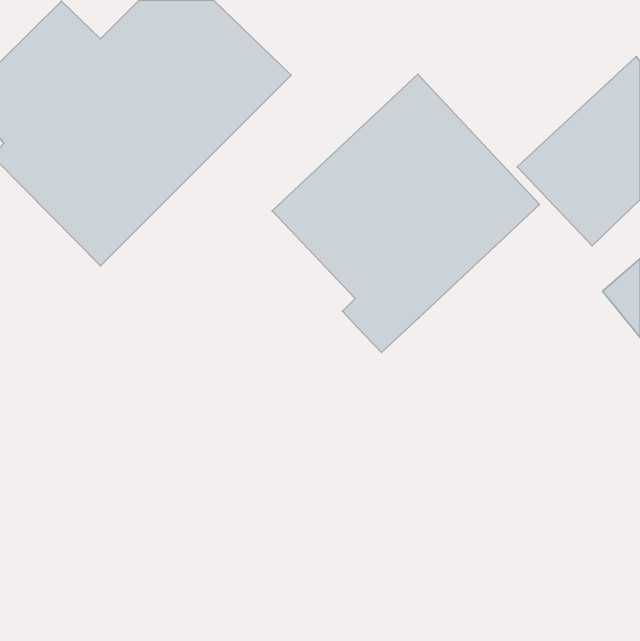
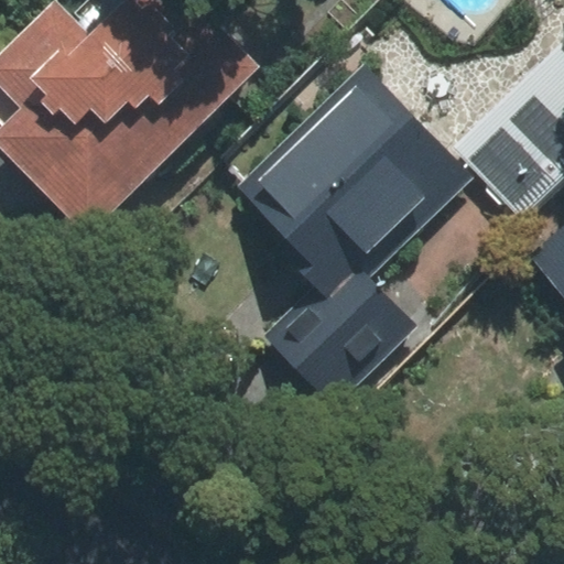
building: none -> [264,279,412,403]

